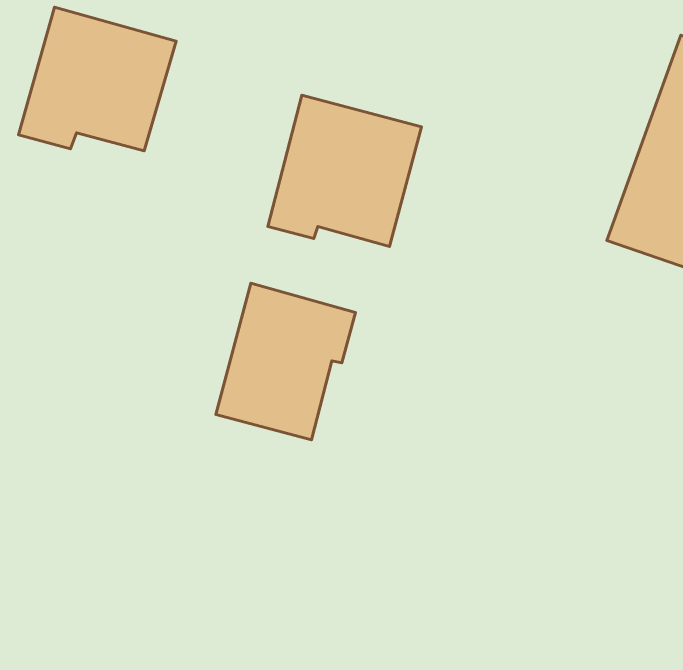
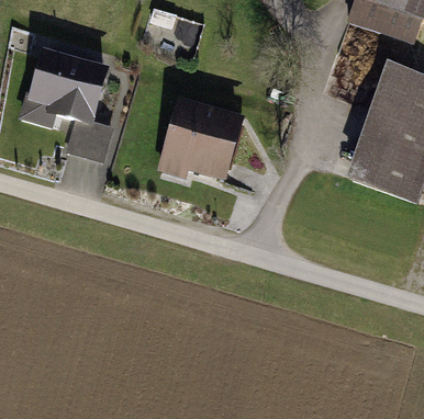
building: [216,283,355,440] -> none

